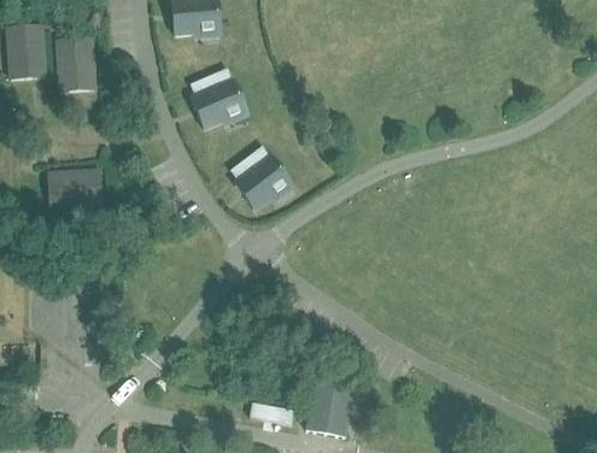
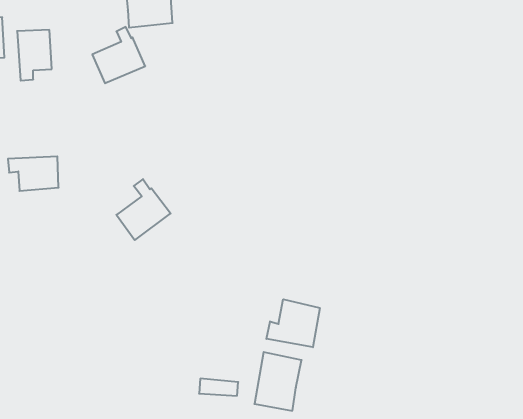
building: [191,69,246,128] -> [92,27,145,83]
building: [234,146,291,210] -> [116,179,171,240]
building: none -> [266,299,320,347]

